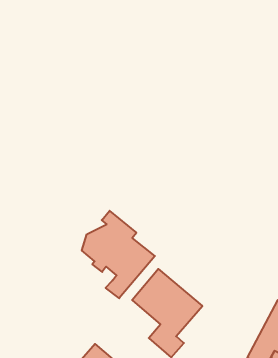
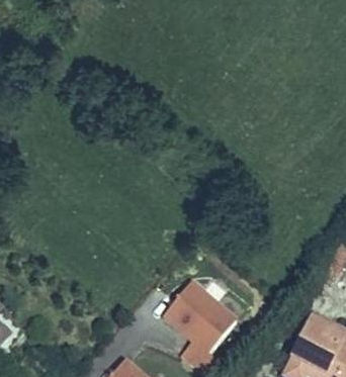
building: [82,211,155,298] -> none

